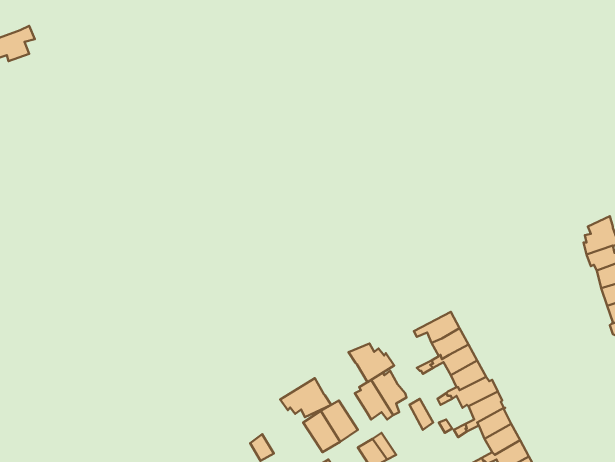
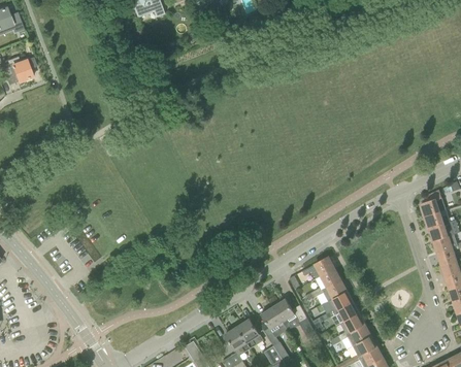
building: [348,343,394,382] -> none
building: [280,378,331,417] -> none

